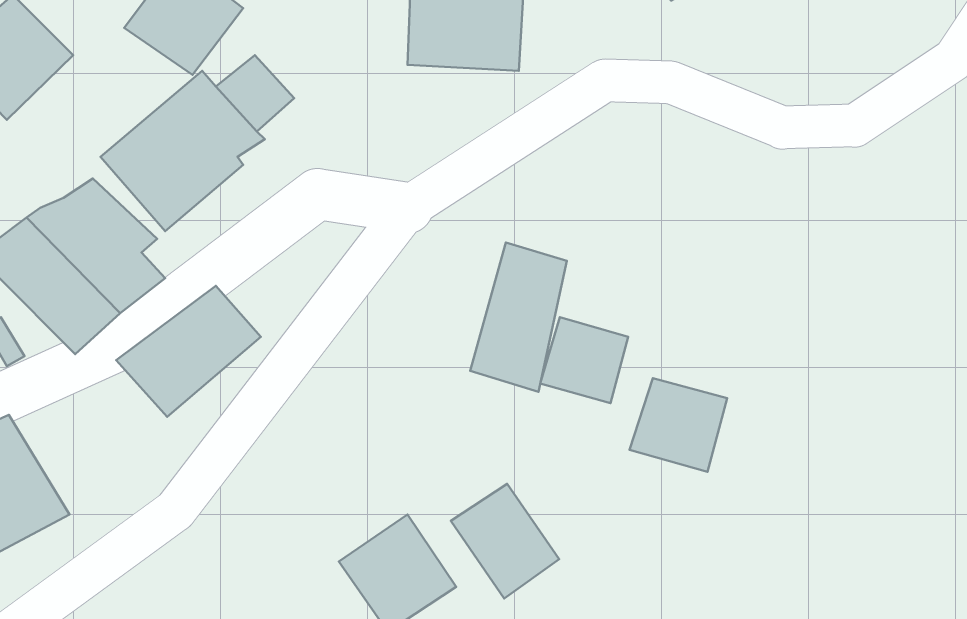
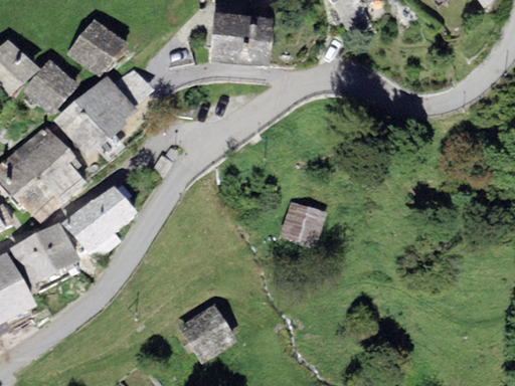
building: none -> [22,56,78,113]
building: [470,243,567,392] -> none
building: none -> [10,221,80,283]
building: [630,378,727,472] -> none
building: [451,484,559,599] -> none

